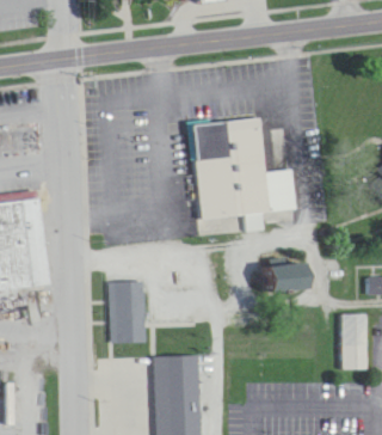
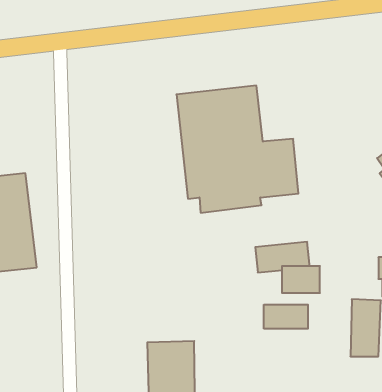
building: [111,281,146,341] -> none
building: none -> [264,305,308,329]

